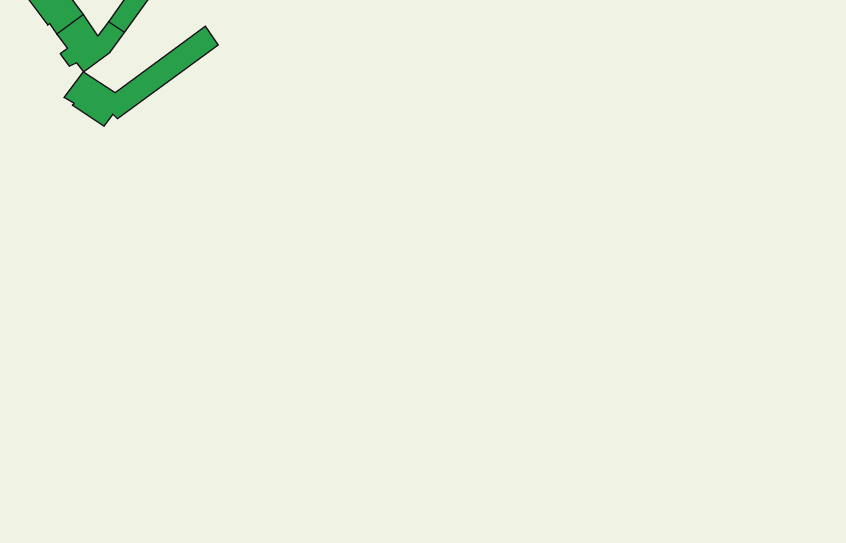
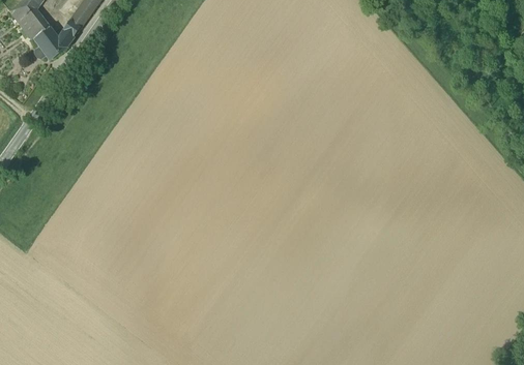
building: [64,26,218,126] -> none

